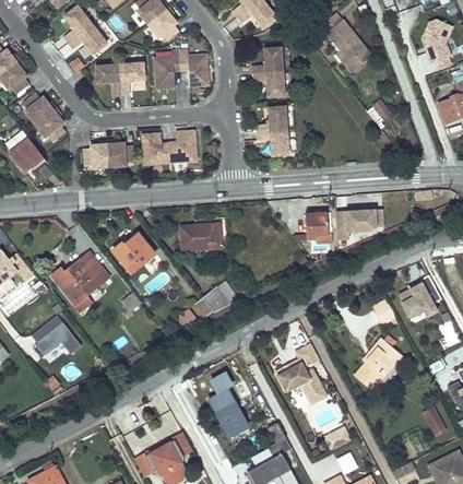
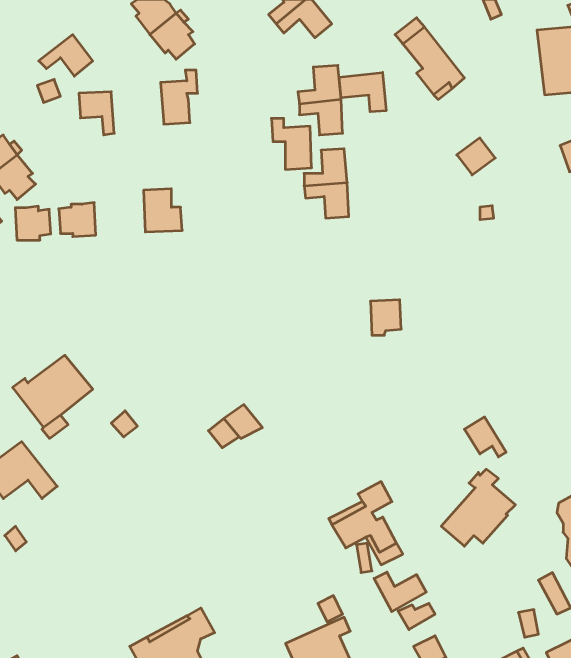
building: [66,7,94,44] -> none
building: [181,50,210,86] -> [271,118,312,169]
building: none -> [339,72,386,112]
building: [121,63,146,95] -> none
building: [170,132,198,164] -> none
building: [109,143,134,167] -> [15,206,51,240]
building: [336,208,379,239] -> none
building: [180,224,218,249] -> none
building: [112,234,153,272] -> none
building: [396,280,437,323] -> none
building: [209,388,247,436] -> none
building: none -> [374,572,426,612]

